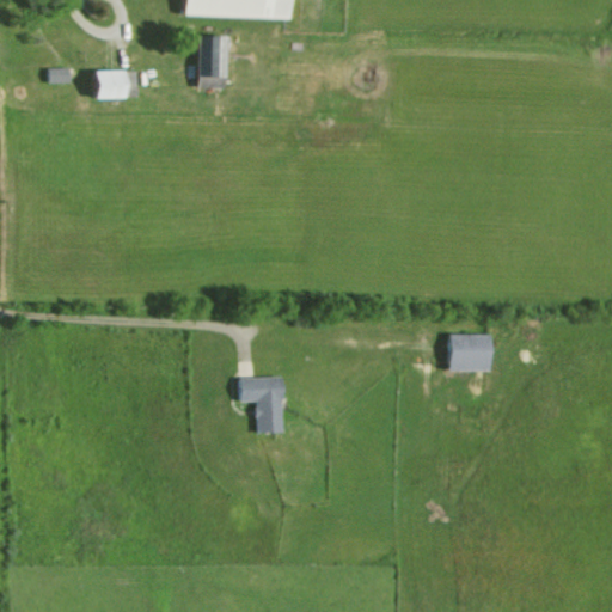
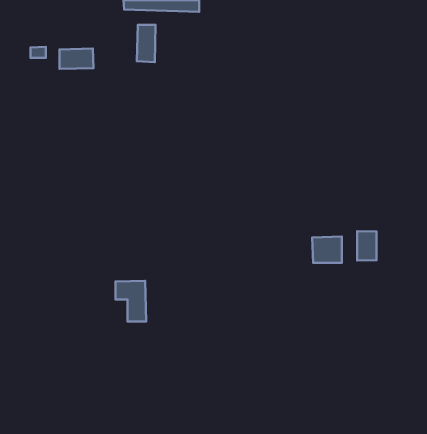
building: none -> [357,231,377,260]
building: [238,375,281,433] -> [115,281,146,322]

